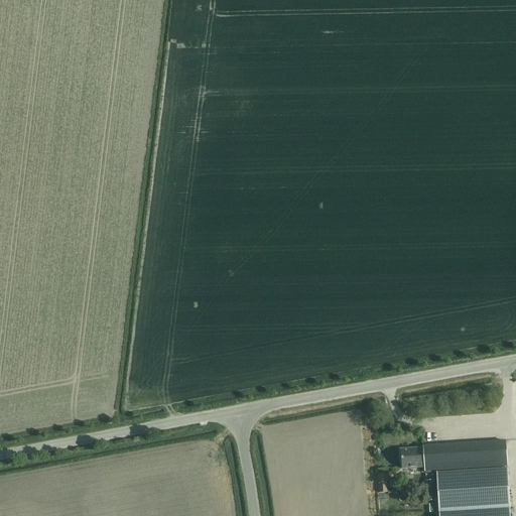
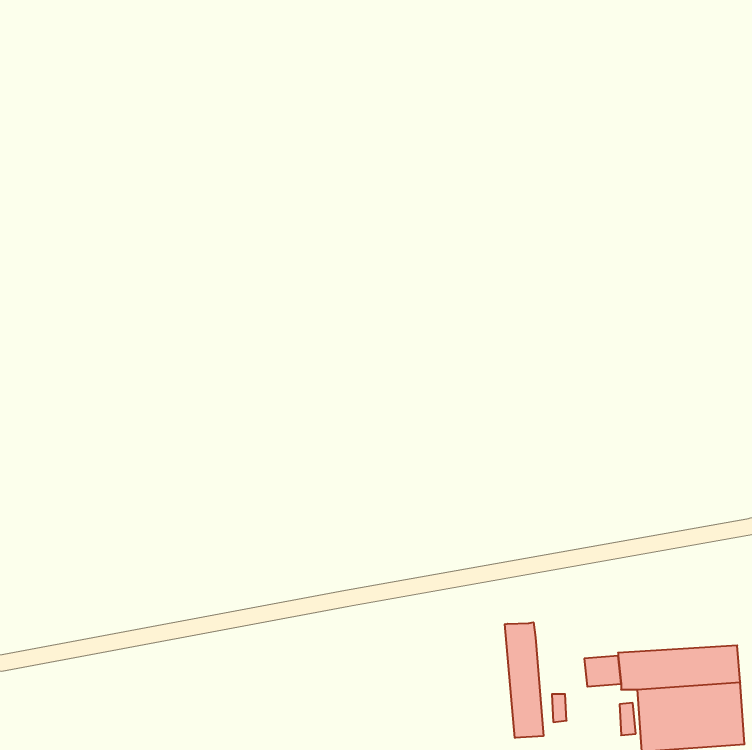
building: none -> [505,622,543,738]

